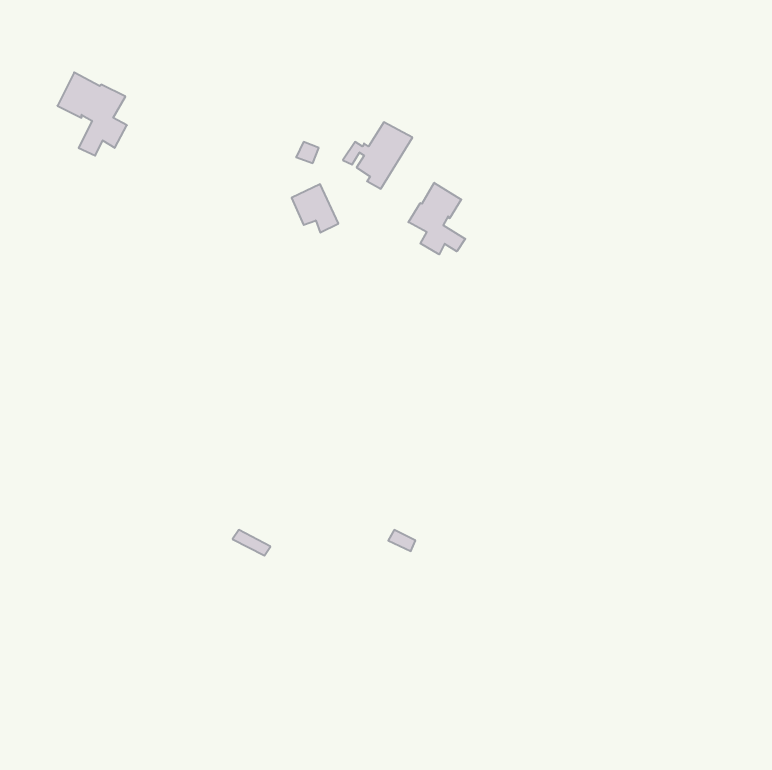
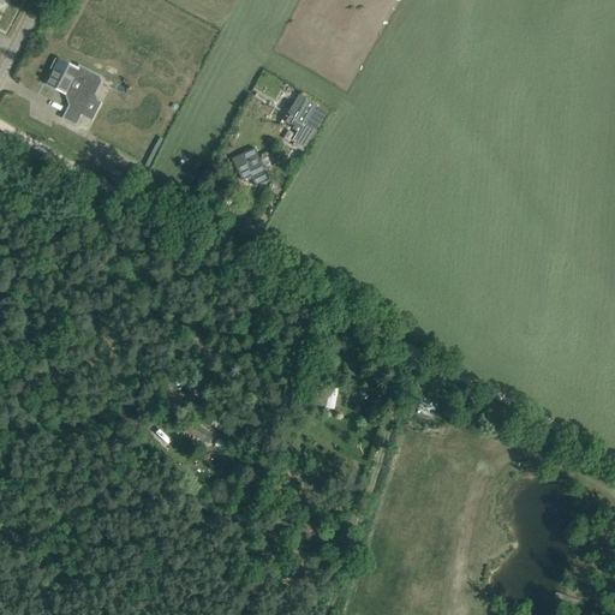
building: [408,183,465,254] -> none

